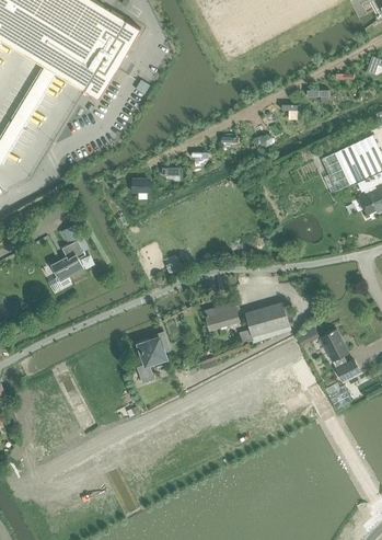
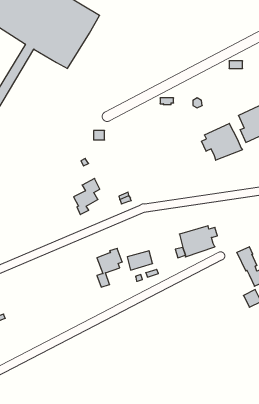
building: none -> [201,123,242,160]
building: [50,240,84,287] -> [74,178,100,215]
building: [205,303,238,329] -> [127,251,153,270]

